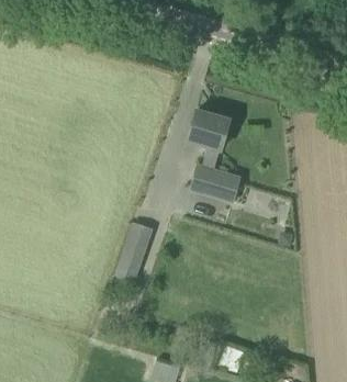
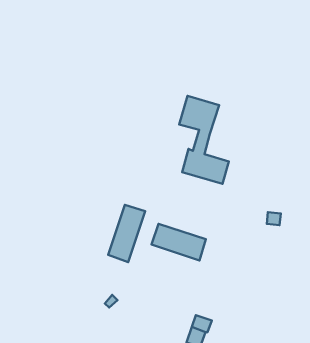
building: none -> [151,224,206,260]

